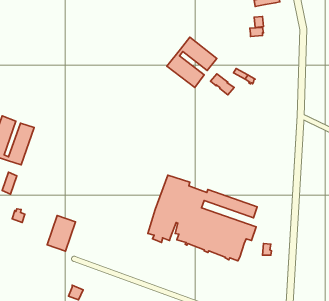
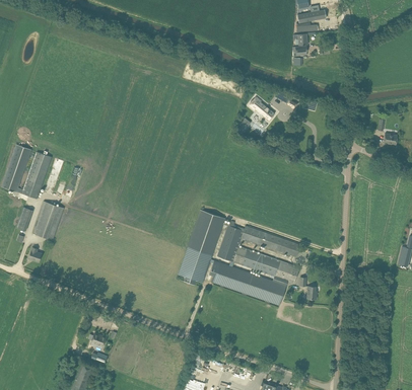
building: [167,37,217,88] -> none
building: [47,216,75,251] -> [32,201,64,240]

